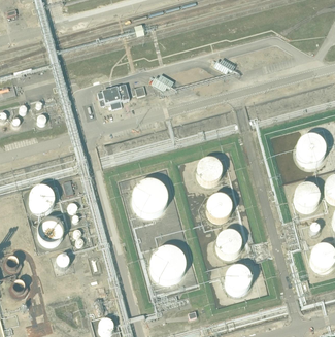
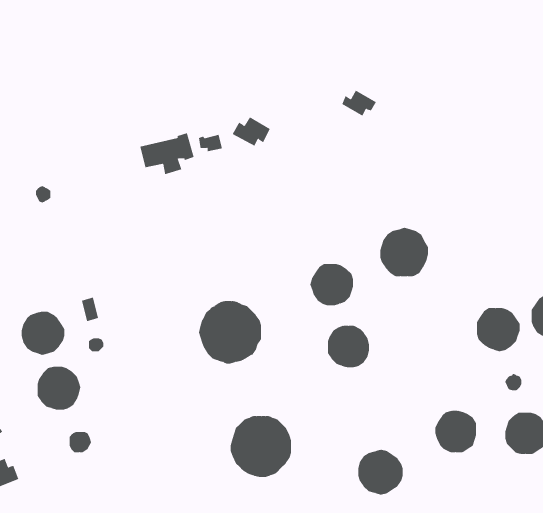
building: [296,134,325,163] -> [379,227,429,277]
building: [215,230,240,255] -> [434,410,477,453]

